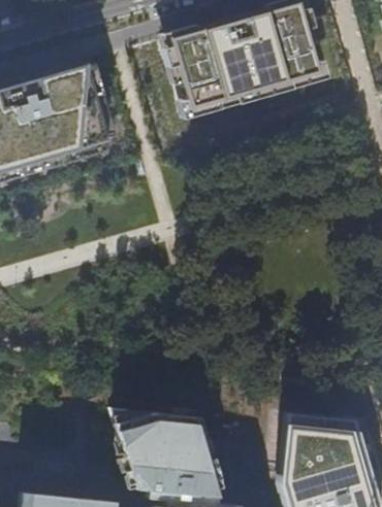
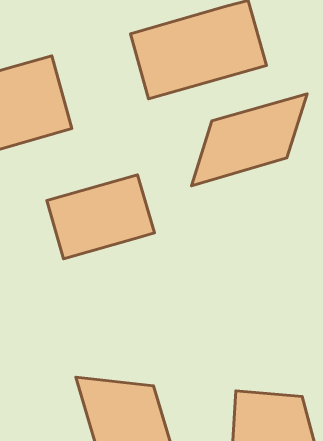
building: none -> [191,94,307,186]
building: none -> [47,175,154,259]

